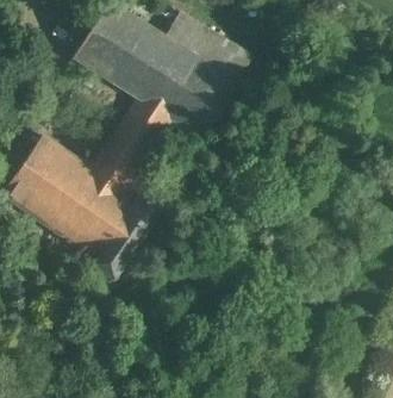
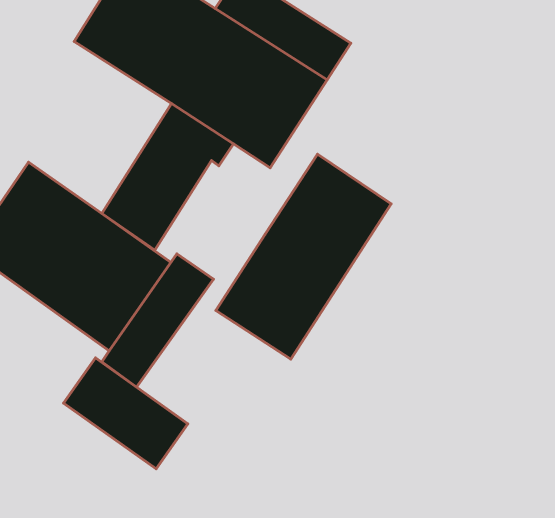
building: none -> [216,154,391,359]
building: none -> [64,358,188,469]

